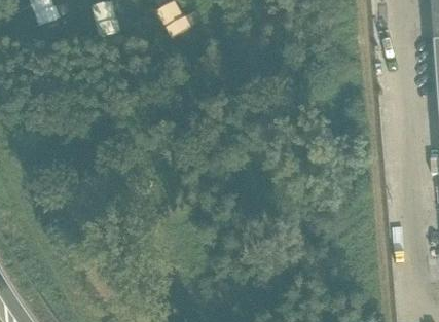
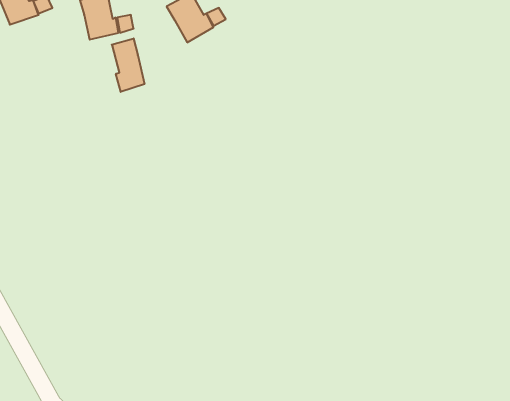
building: none -> [112,38,144,92]

